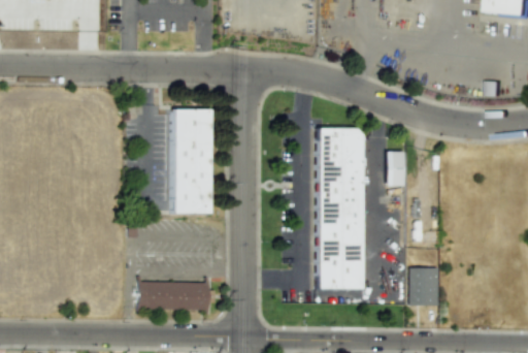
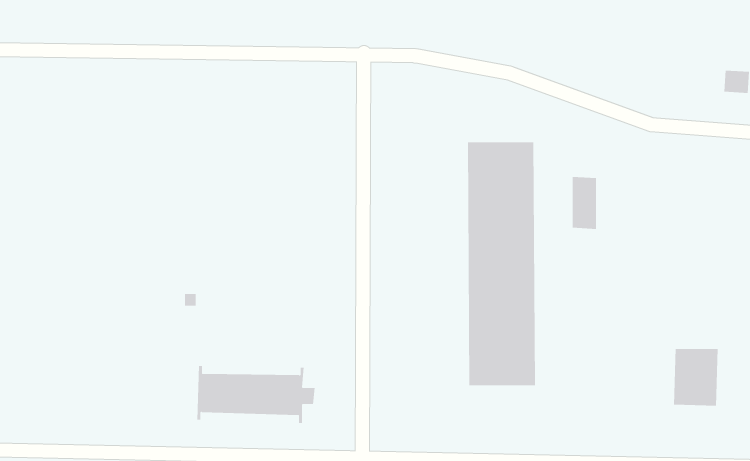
building: [173,105,209,214] -> none
building: [409,267,439,306] -> [673,348,718,406]

